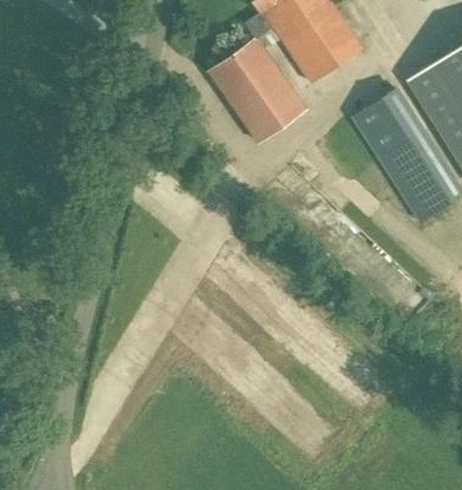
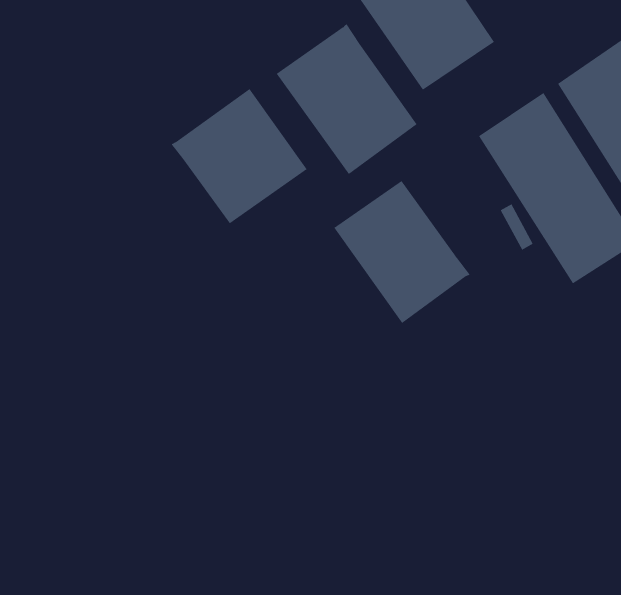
building: none -> [171,88,308,224]
building: none -> [334,180,470,324]

